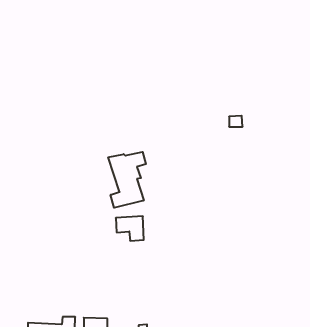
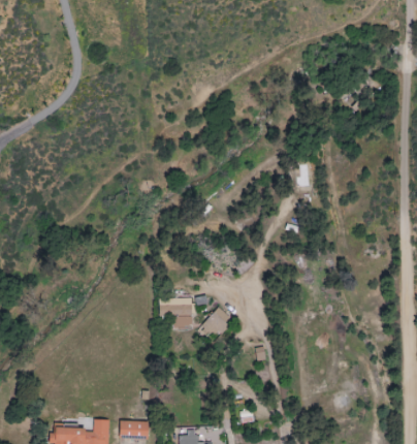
building: [108,152,146,208] -> none
building: none -> [200,307,234,341]

